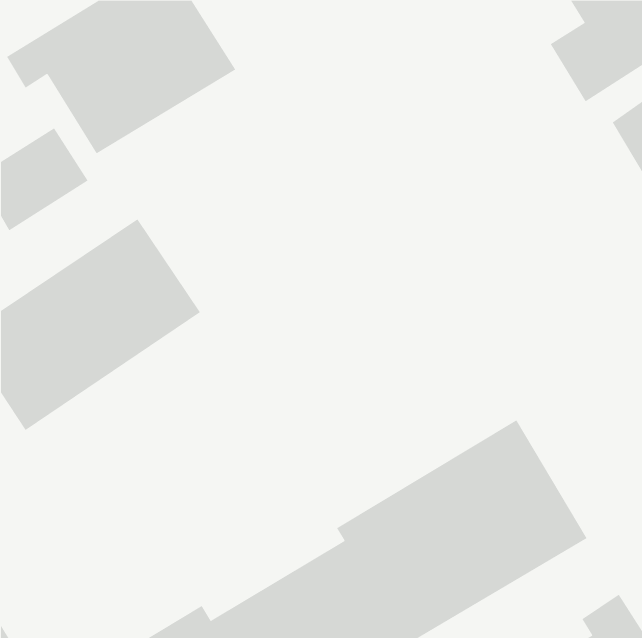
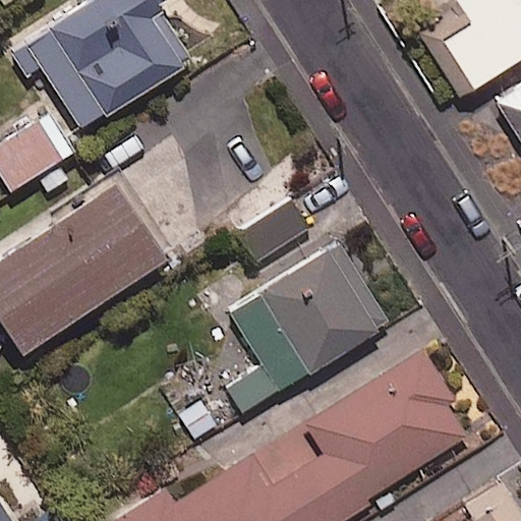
building: none -> [218,202,388,412]

